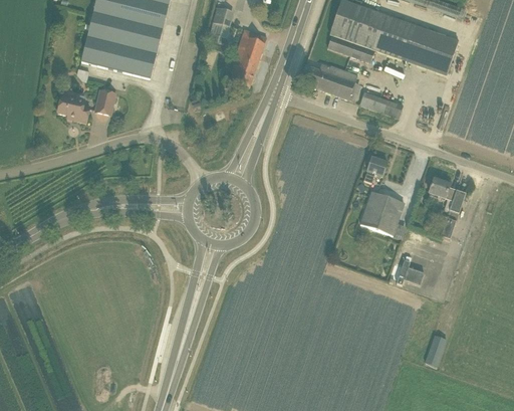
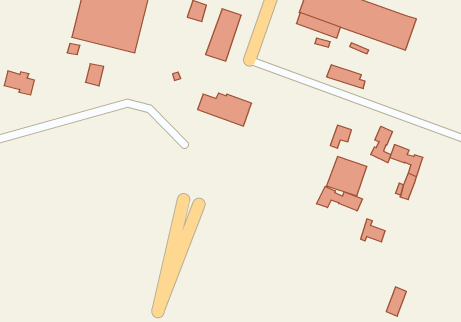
building: [298,63,357,99] -> [198,93,252,126]
building: [57,95,90,122] -> [4,71,34,95]
building: none -> [371,126,392,163]
building: none -> [317,186,362,211]

